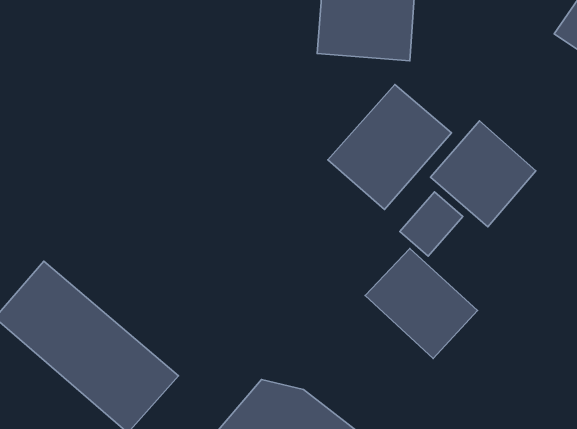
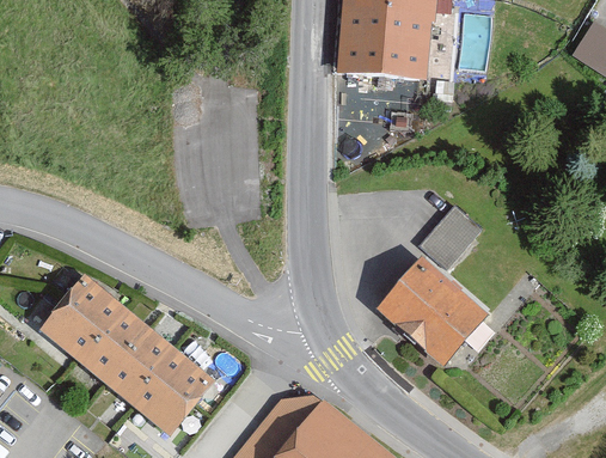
building: [328,85,451,210] -> none
building: [431,121,536,227] -> none

